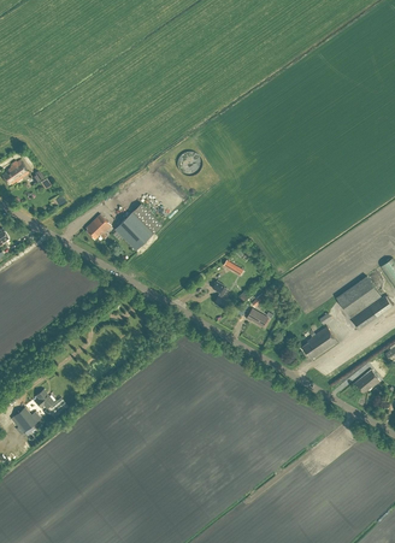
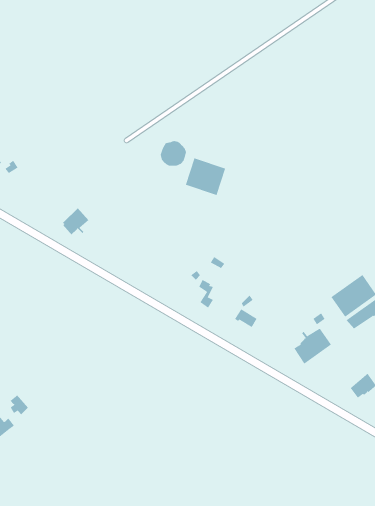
building: none -> [185,158,226,196]
building: [113,202,161,250] -> none

